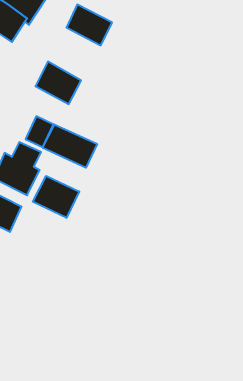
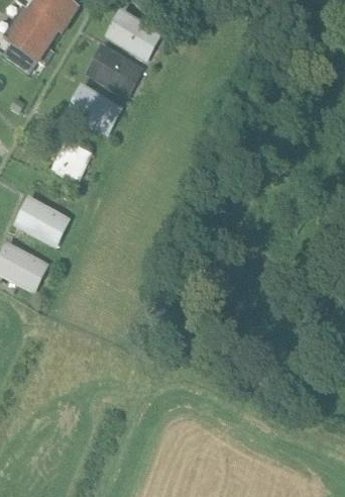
building: none -> [87,44,142,95]
building: [43,124,97,168] -> none
building: [33,176,79,218] -> none

